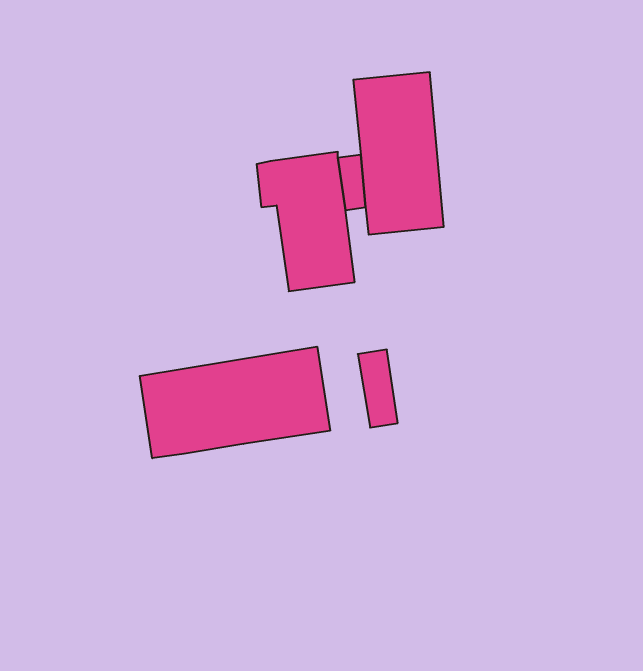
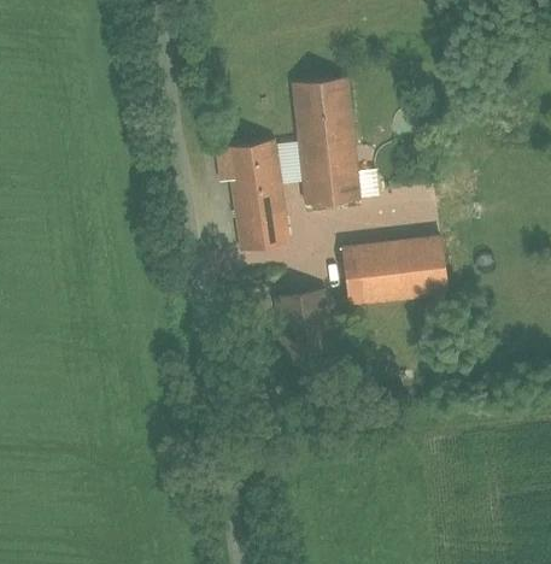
building: none -> [345,235,452,305]
building: [140,347,330,458] -> none

